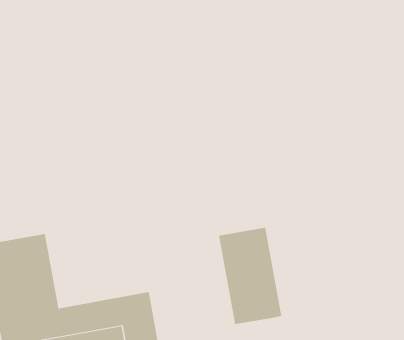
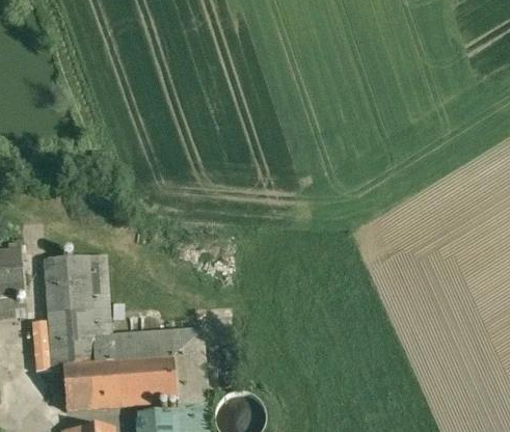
building: [219,227,282,325] -> none

